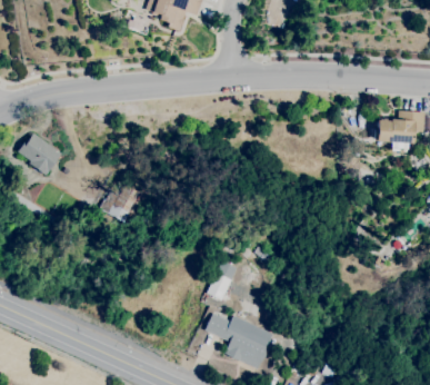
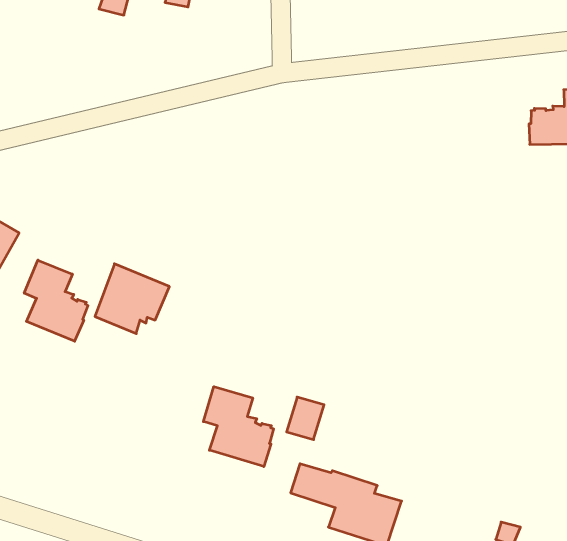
building: none -> [24,260,88,341]
building: none -> [203,387,274,467]

